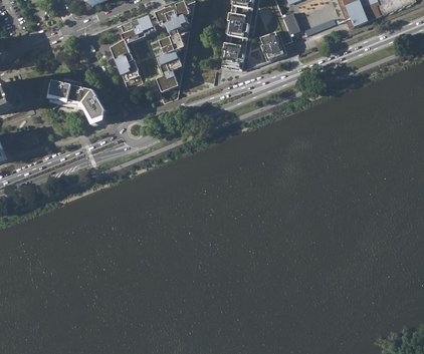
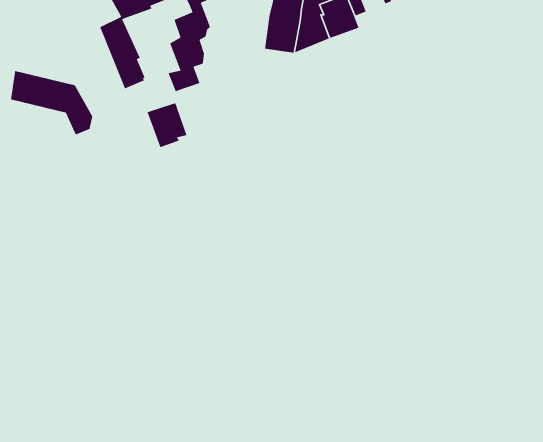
building: none -> [146,102,187,148]

